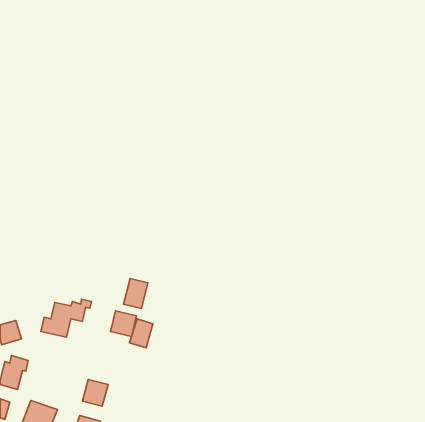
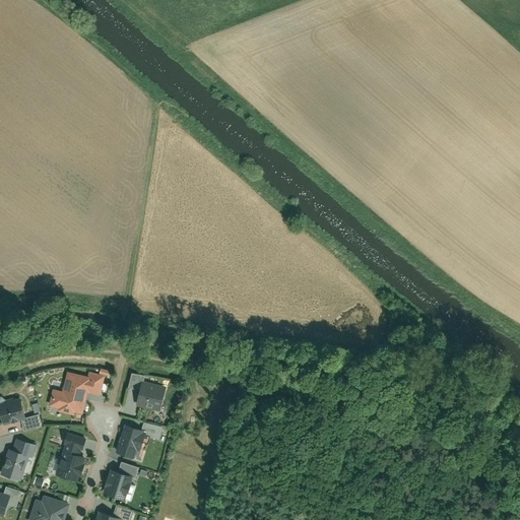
building: [124,278,148,308] -> none
building: [130,319,153,348] -> [115,424,143,459]
building: none -> [56,431,86,482]

